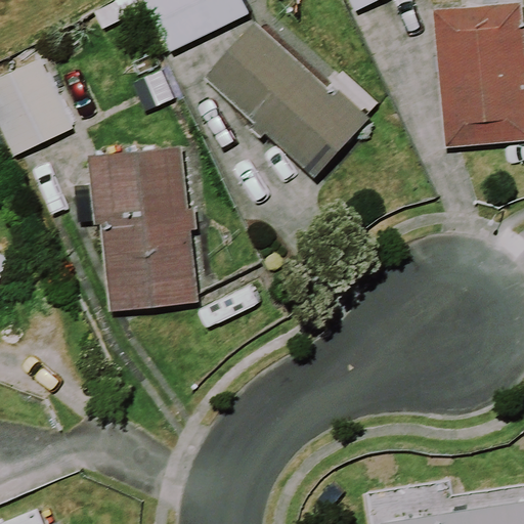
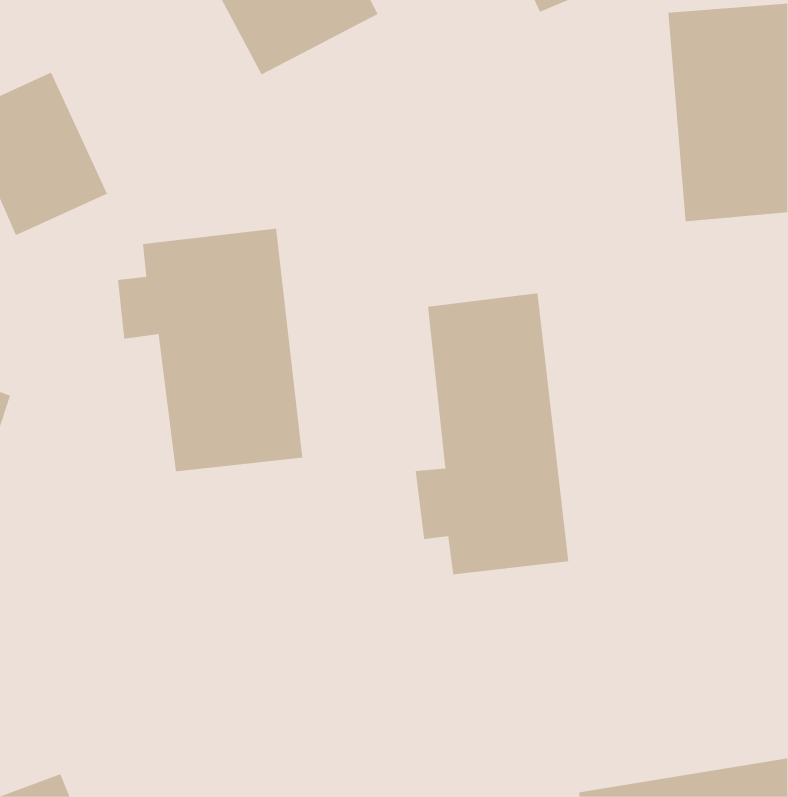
building: [208,28,363,176] -> none
building: none -> [415,293,569,575]

